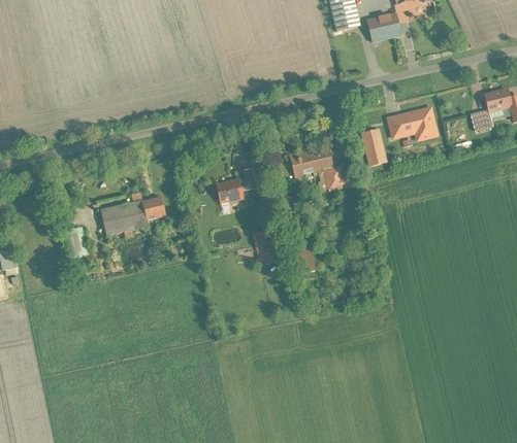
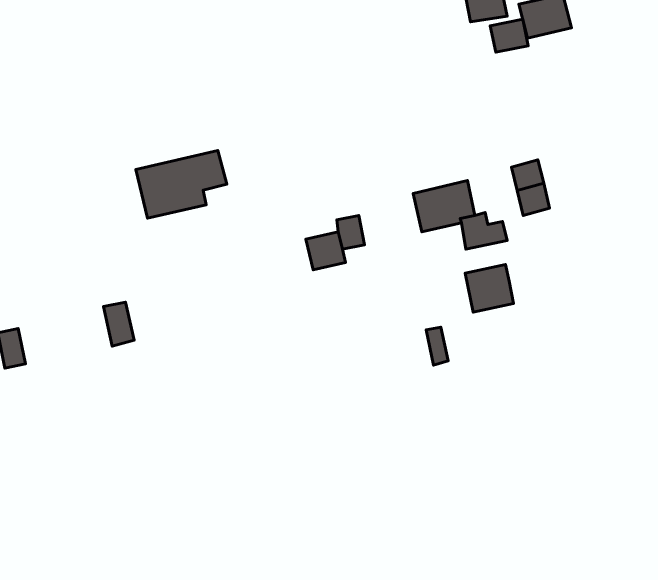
building: none -> [490,19,528,52]
building: [385,106,437,141] -> none
building: [101,189,165,236] -> [136,151,227,218]
building: none -> [465,265,513,312]

